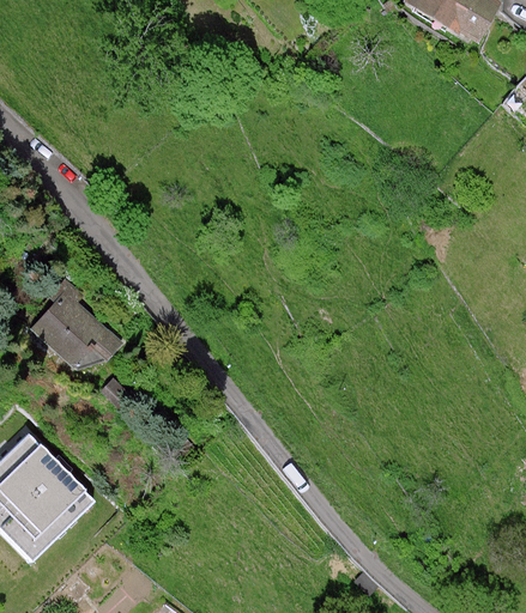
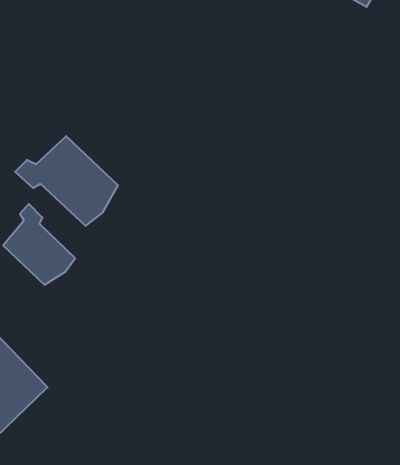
building: none -> [15,136,118,226]

